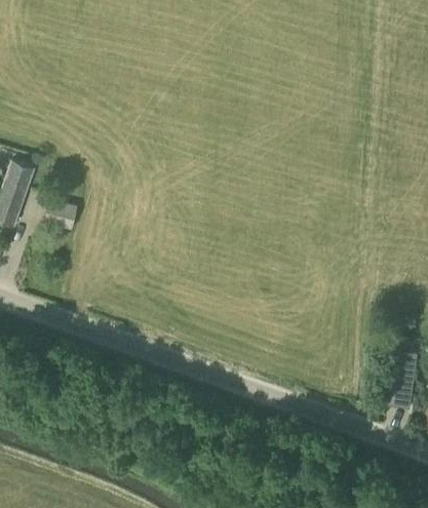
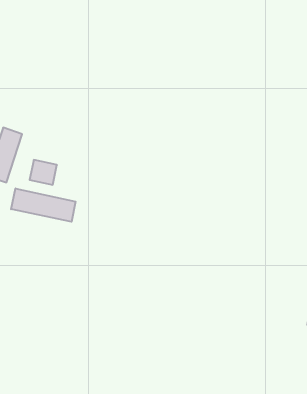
building: none -> [11,188,76,222]

